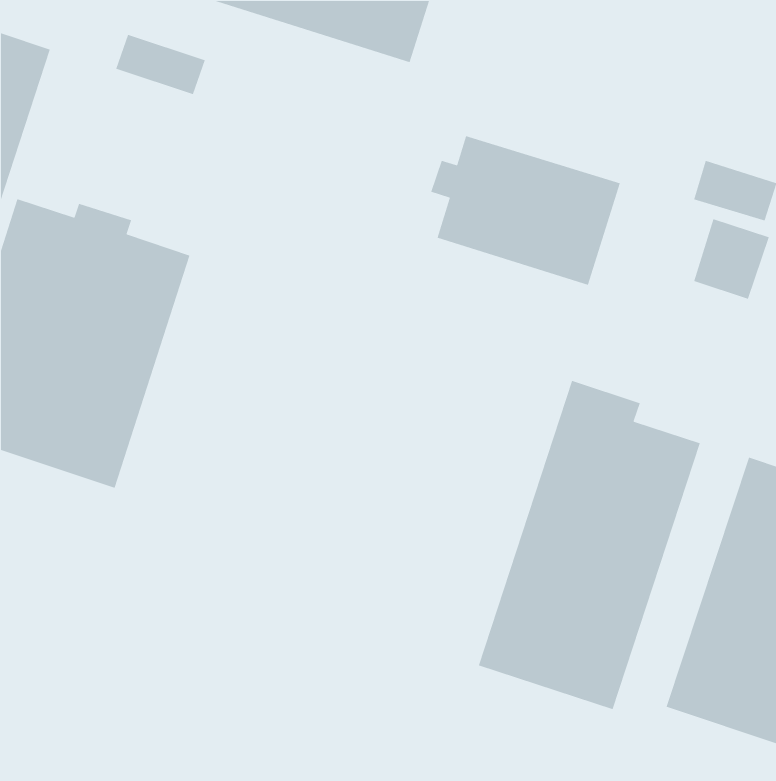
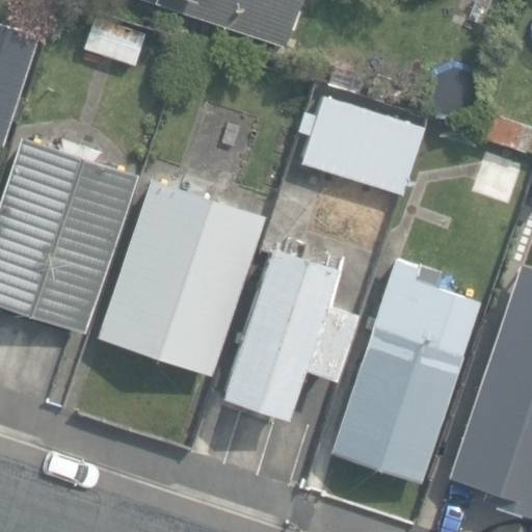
building: none -> [99,181,266,375]
building: none -> [213,248,351,422]

